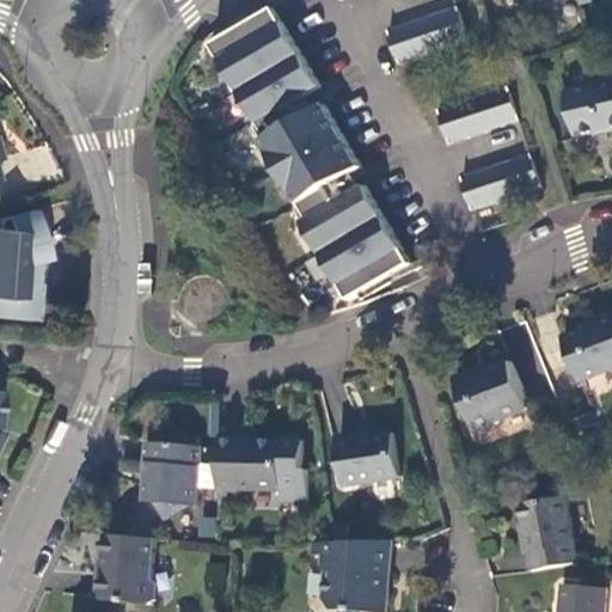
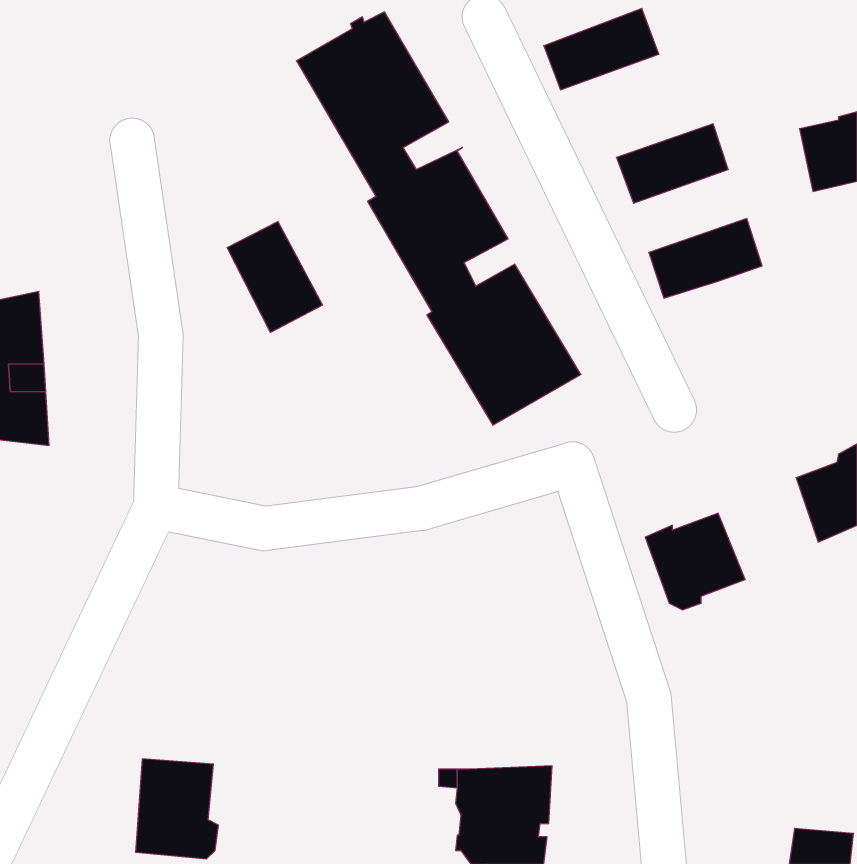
building: none -> [227,221,323,332]
building: [335,434,398,485] -> none
building: [214,437,305,501] -> none
building: [141,442,197,507] -> none
building: [518,495,575,570] -> none

